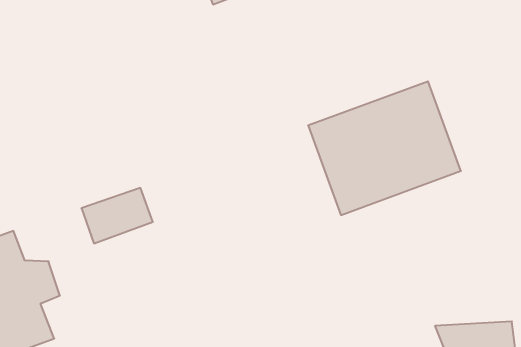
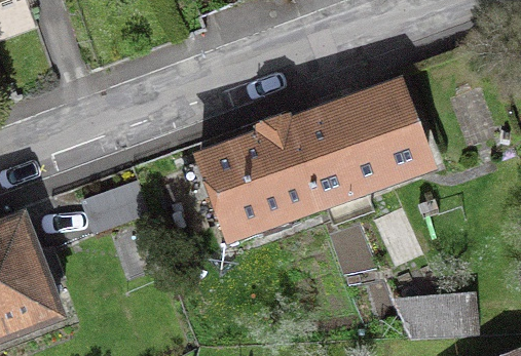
building: none -> [183,118,318,235]

